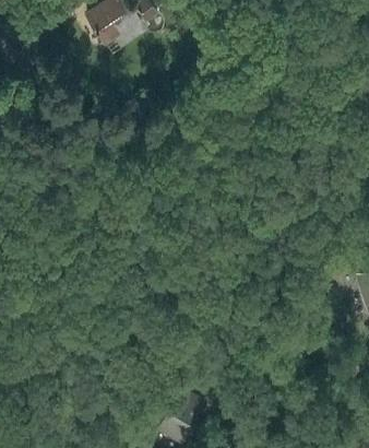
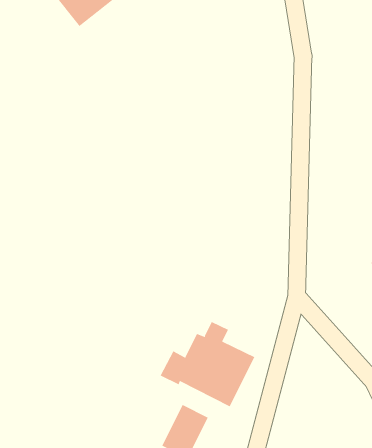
building: none -> [160,321,255,407]

